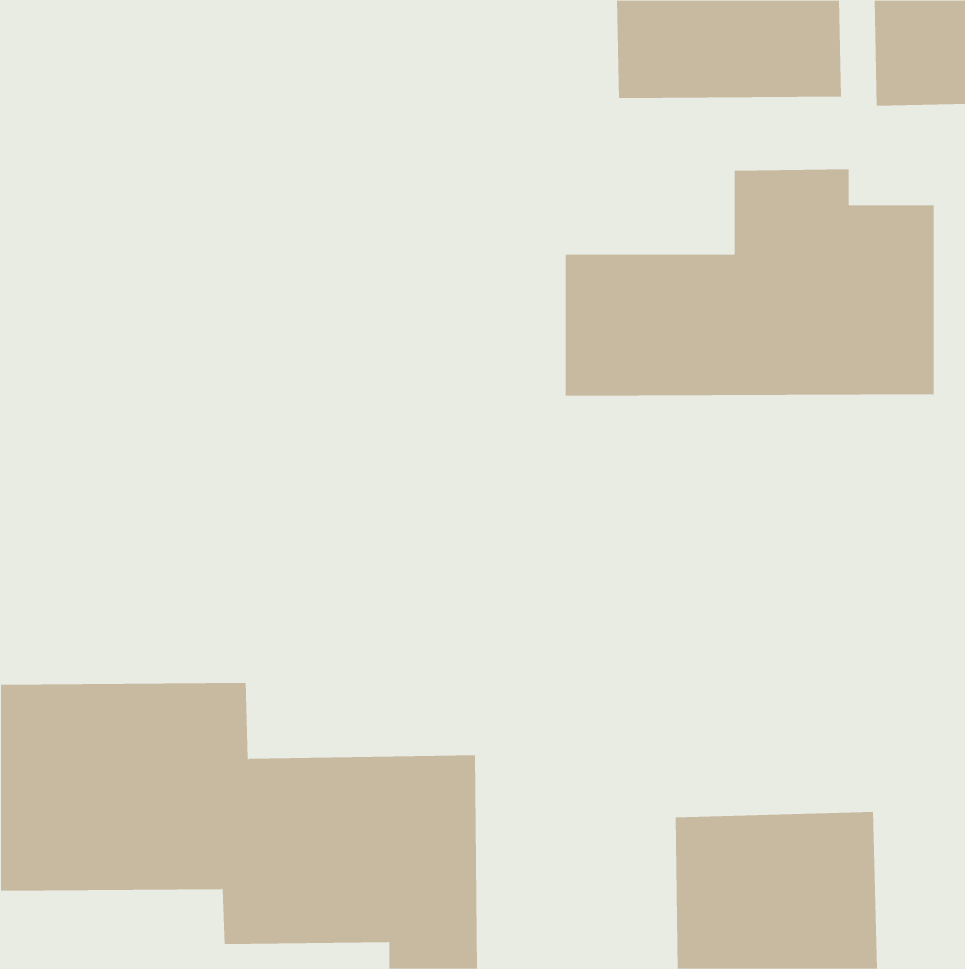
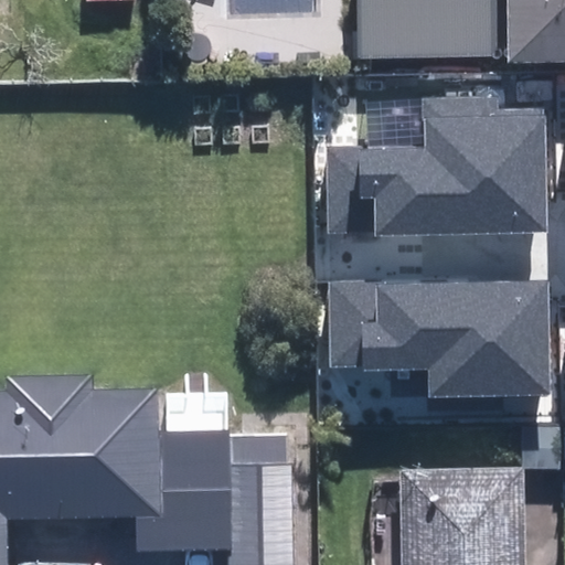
building: none -> [332,282,547,397]

